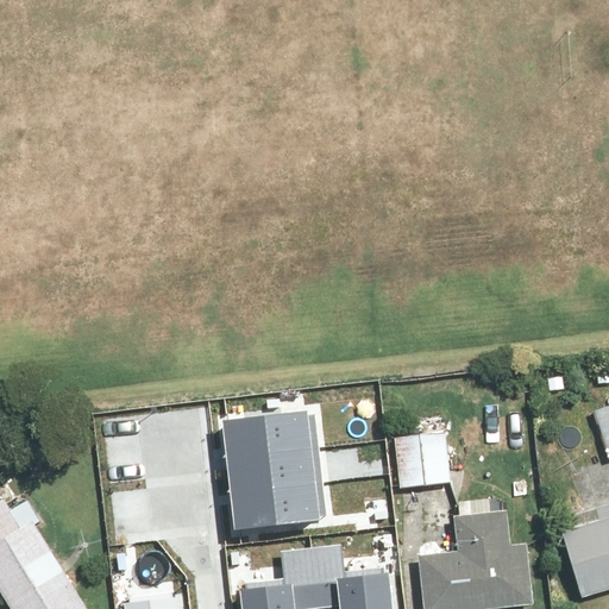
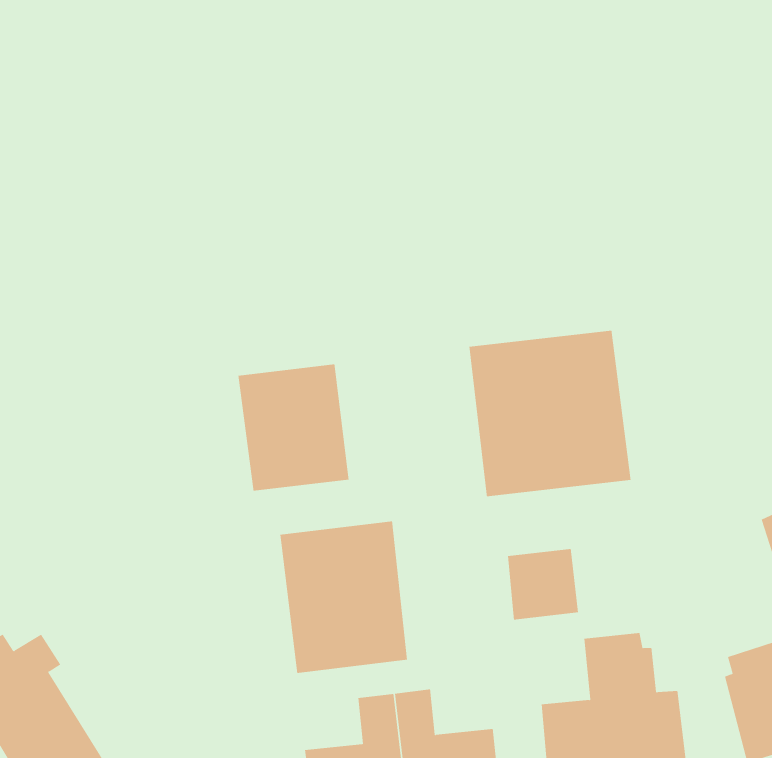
building: none -> [469,330,631,497]
building: none -> [238,363,349,492]

